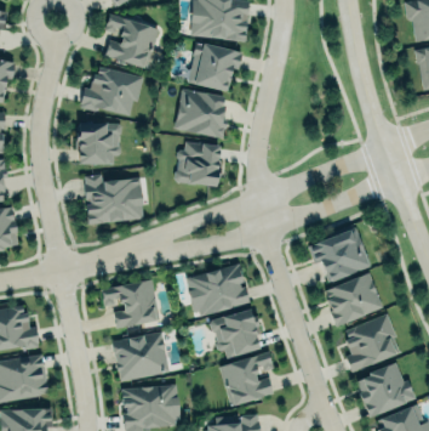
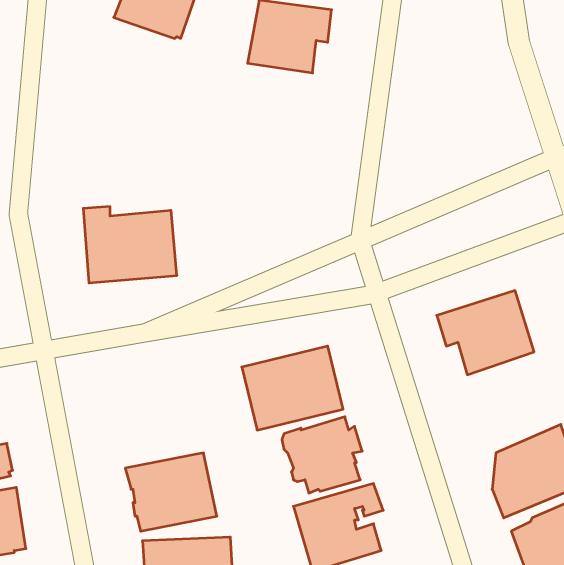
building: [81,66,144,114] -> none
building: [175,87,227,138] -> none
building: [75,123,122,164] -> none
building: [175,141,221,187] -> none
building: [325,274,383,324] -> none
building: [101,279,160,328] -> none

